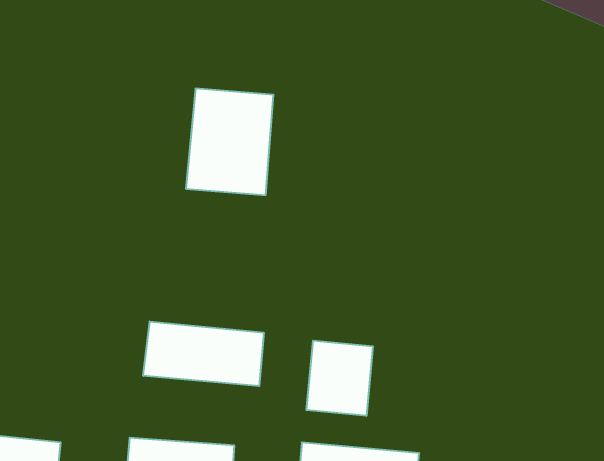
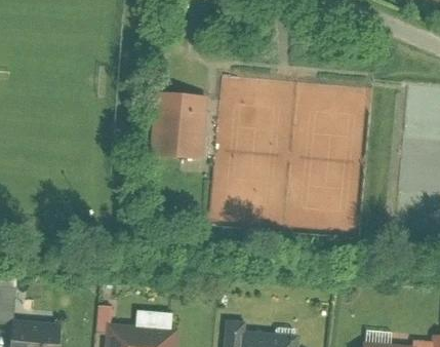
building: [143,321,264,386] -> none
building: [307,341,373,416] -> none

